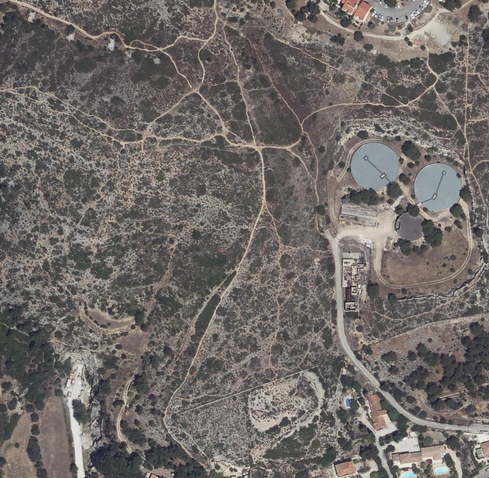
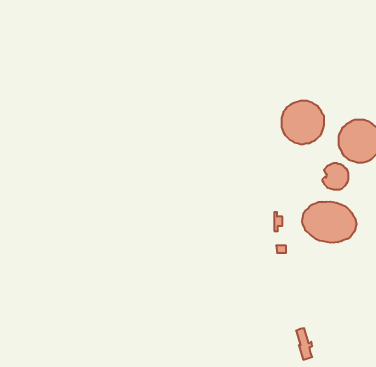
building: none -> [302,202,356,243]

